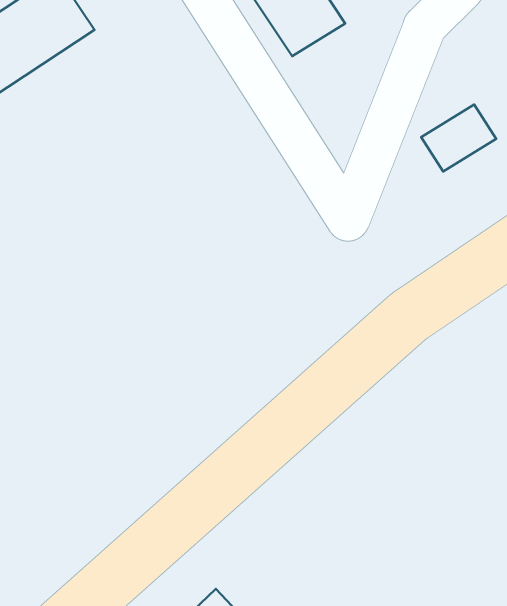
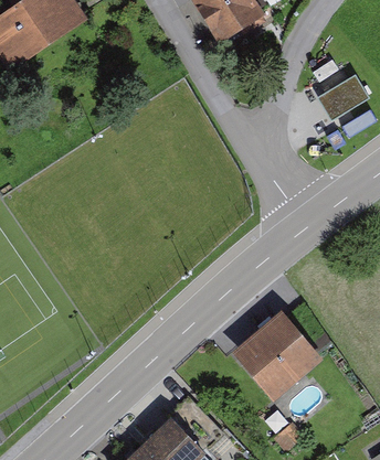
building: none -> [238,309,320,392]

